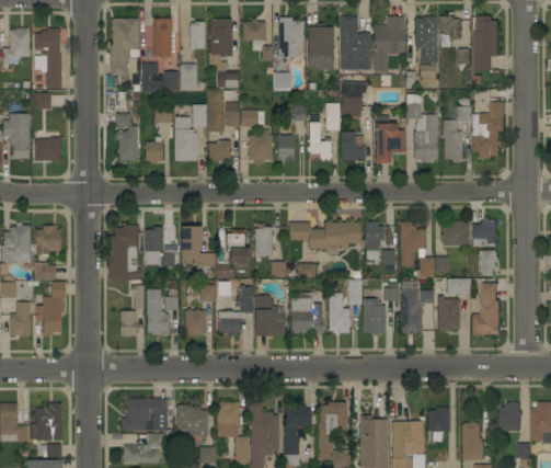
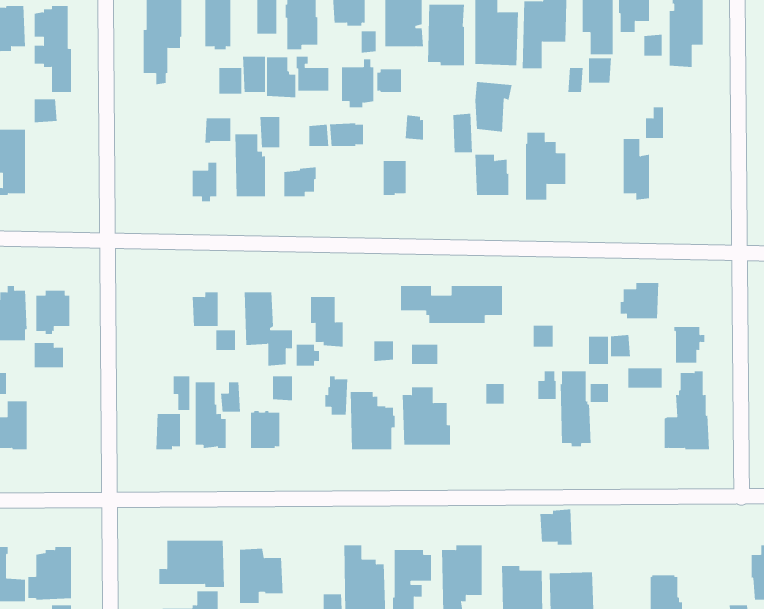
building: [142,64,163,92] -> [266,57,296,98]
building: [406,94,437,163] -> none
building: [474,98,506,159] -> none
building: [116,114,137,160] -> none
building: [309,123,331,160] -> none
building: [249,130,272,164] -> [341,59,374,108]
building: [35,137,60,161] -> none
building: [472,218,497,247] -> none
building: [400,221,424,266] -> none
building: [365,222,383,251] -> none
building: [255,224,273,258] -> none
building: [108,226,142,279] -> none
building: [35,282,66,338] -> none
building: [438,296,460,331] -> none
building: [364,298,386,334] -> none
building: [329,303,349,333] -> none
building: [218,310,241,336] -> none
building: [216,402,239,431] -> none
building: [501,402,524,432] -> none
building: [427,407,450,432] -> [539,509,573,545]

